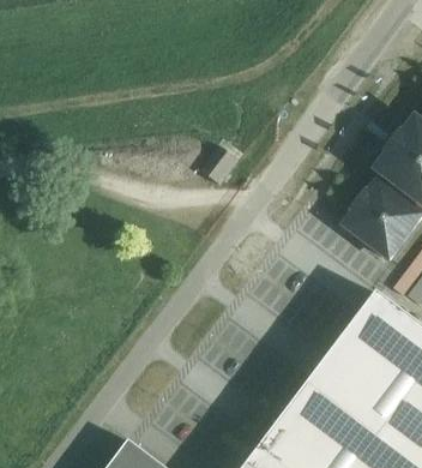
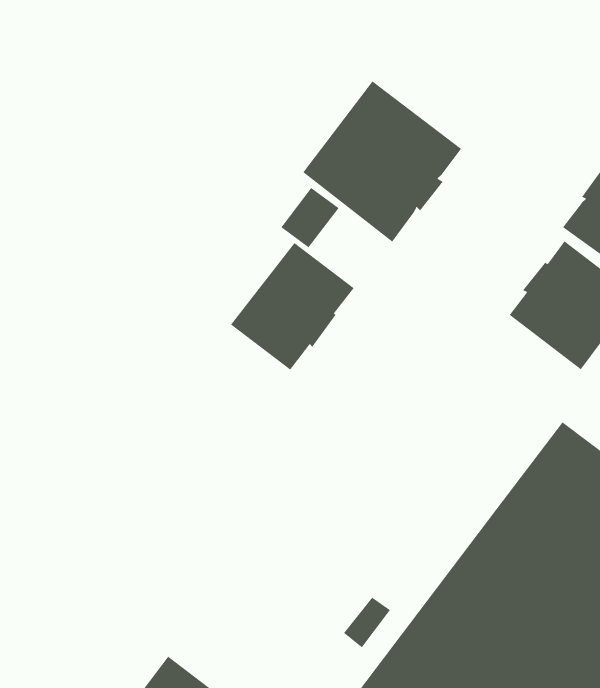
building: none -> [302,80,462,242]
building: none -> [230,242,354,371]

